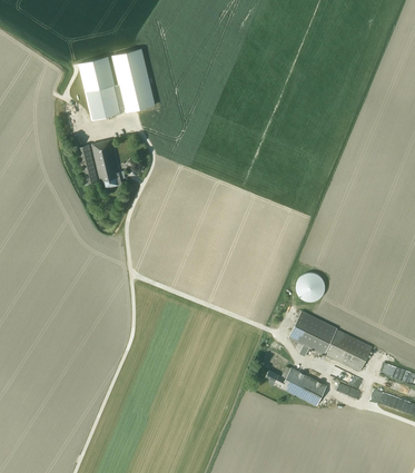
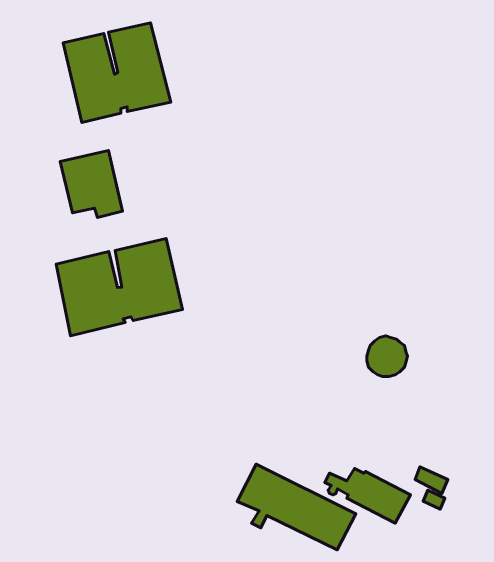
building: none -> [56,239,182,336]
building: [288,312,373,373] -> [237,464,356,550]

